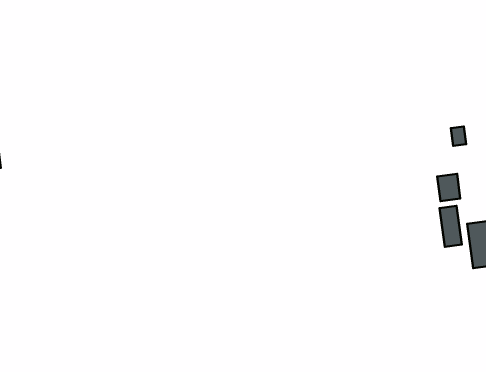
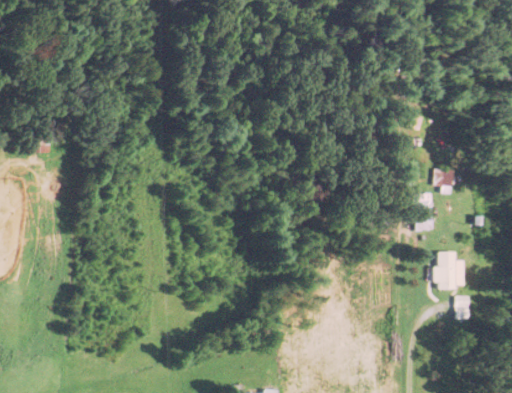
building: [440,206,462,247] -> none

